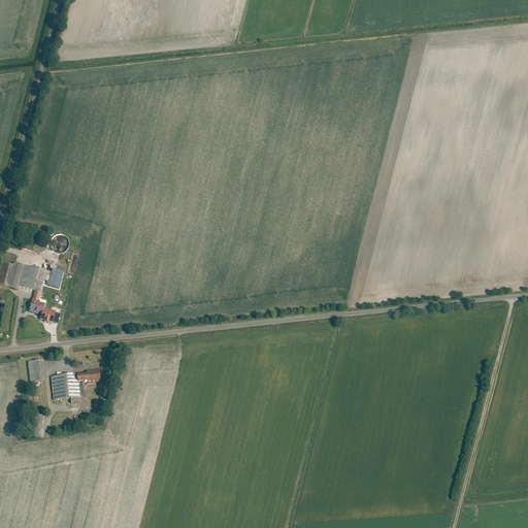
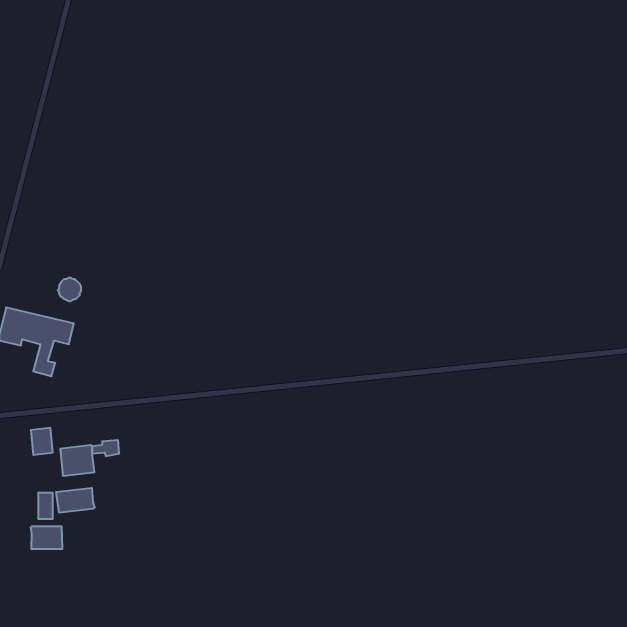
building: none -> [56,488,95,513]
building: none -> [31,526,62,549]

